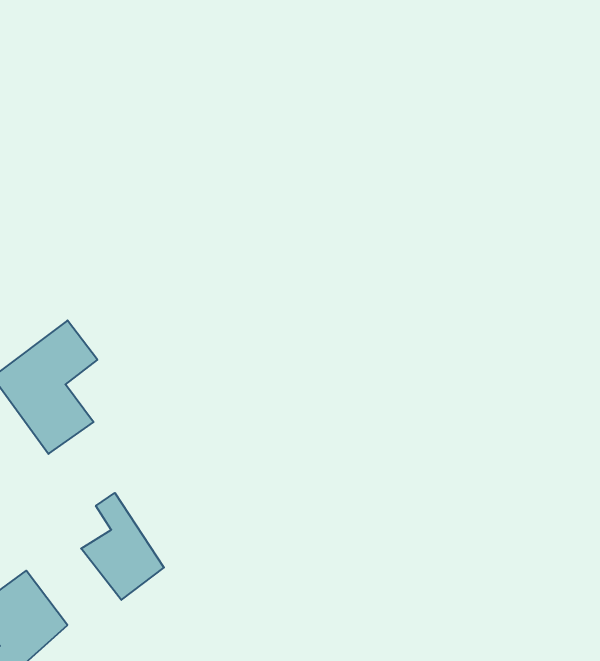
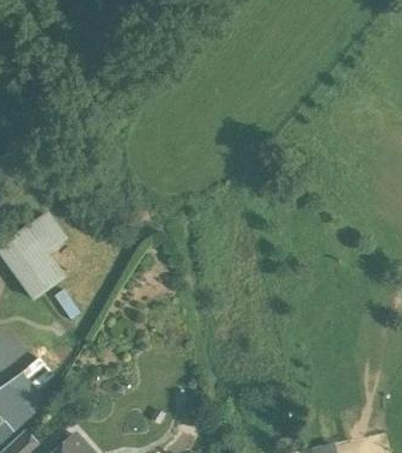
building: [81,493,164,600] -> none

